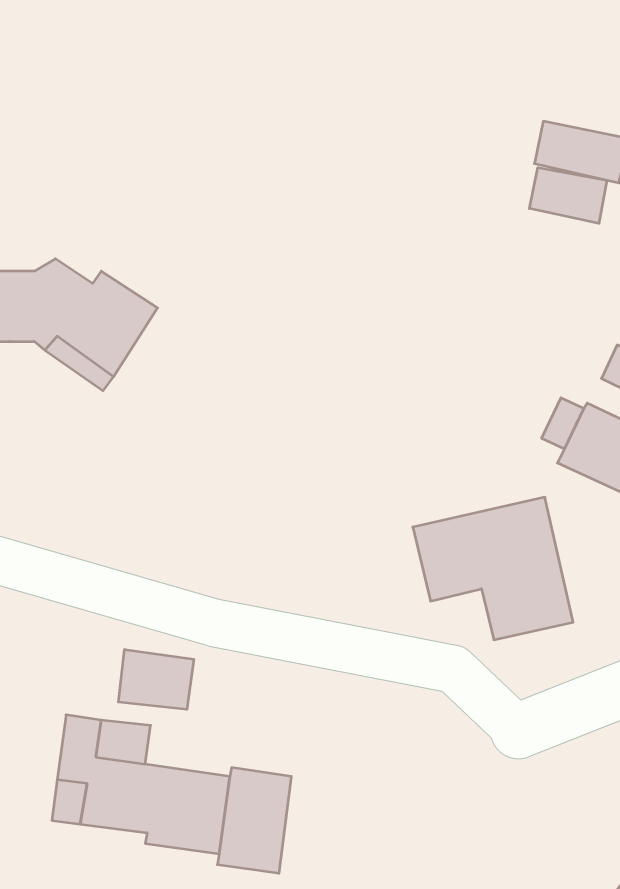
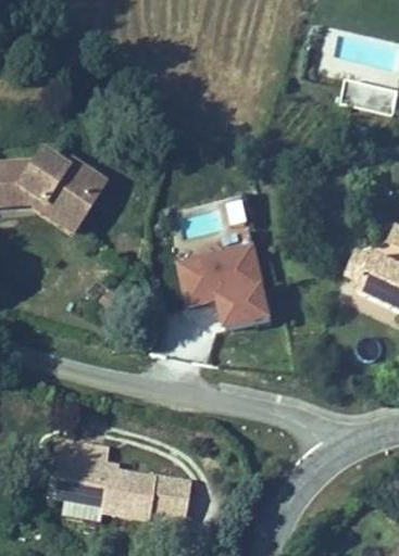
building: [529,168,607,223] -> none
building: [413,497,573,640] -> [174,237,273,325]
building: [118,649,194,709] -> none

